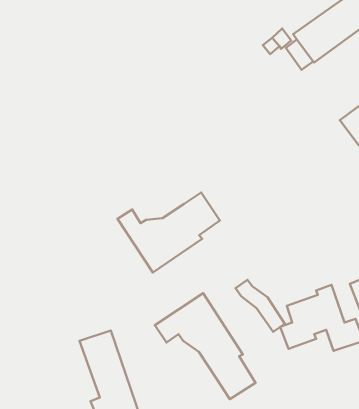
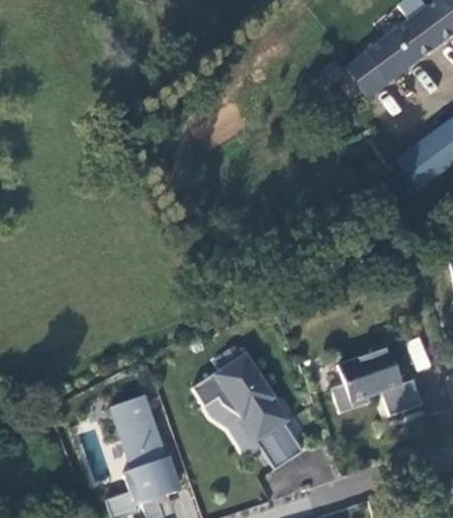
building: [117,193,220,272] -> none
building: [236,280,285,332] -> [206,397,261,454]

